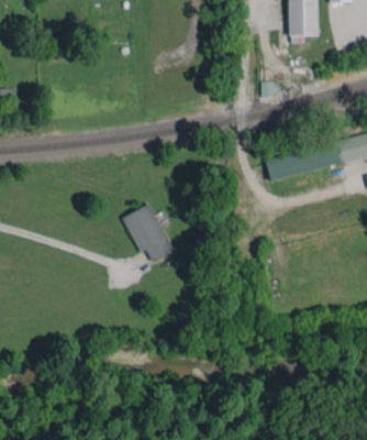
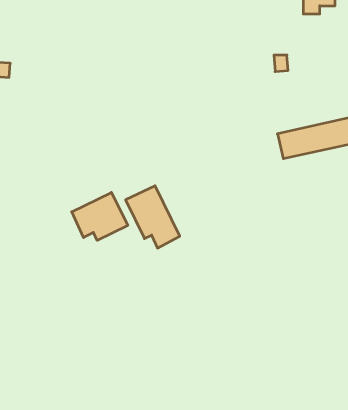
building: none -> [72,192,128,240]

